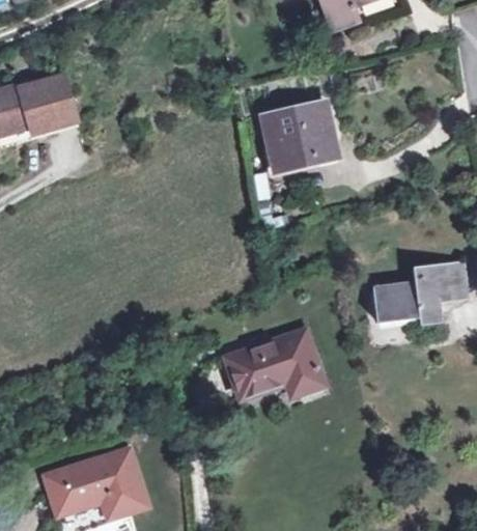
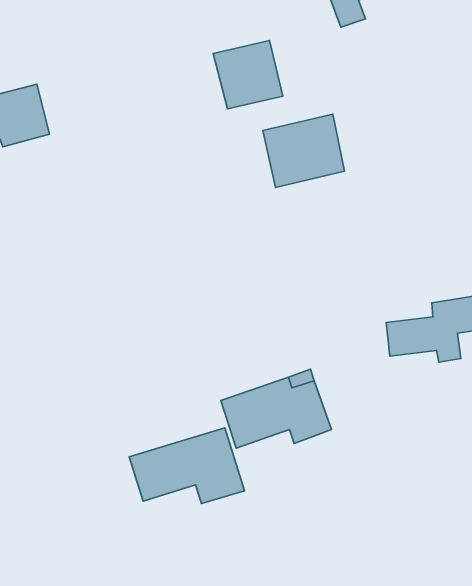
building: none -> [213,40,283,109]
building: [44,449,146,516] -> [129,428,245,503]

